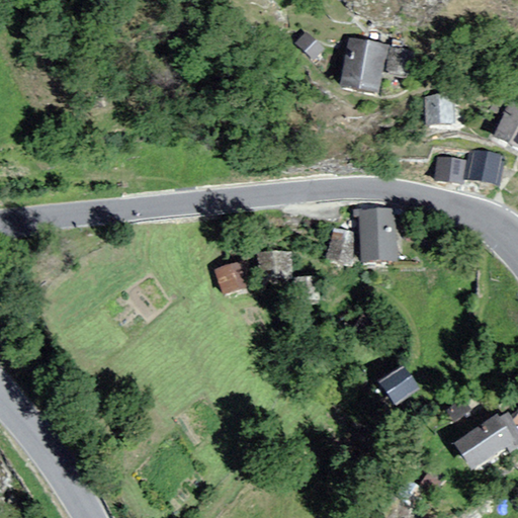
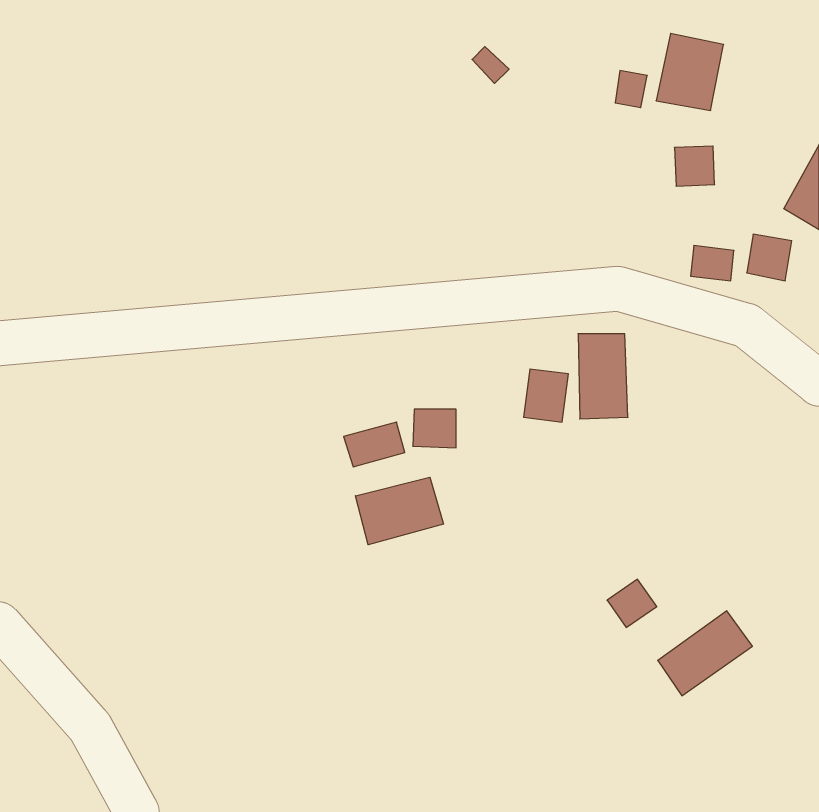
building: [341,35,383,84] -> [656,33,724,110]
building: none -> [355,477,444,545]
building: [452,425,512,479] -> [658,611,752,696]

